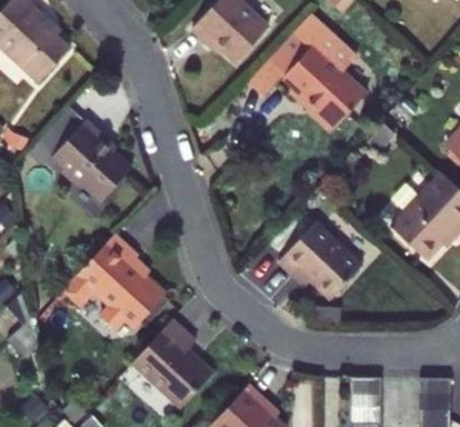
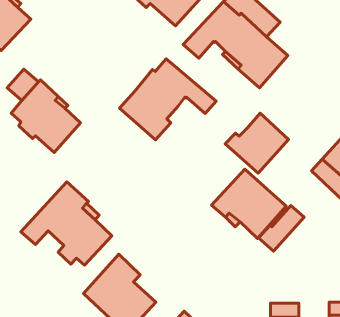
building: none -> [120,59,216,140]
building: none -> [225,113,289,173]
building: none -> [258,206,304,251]

